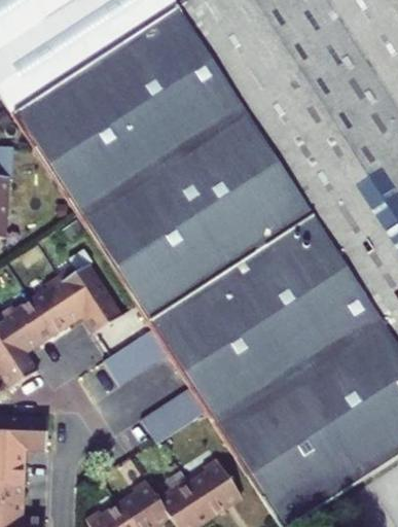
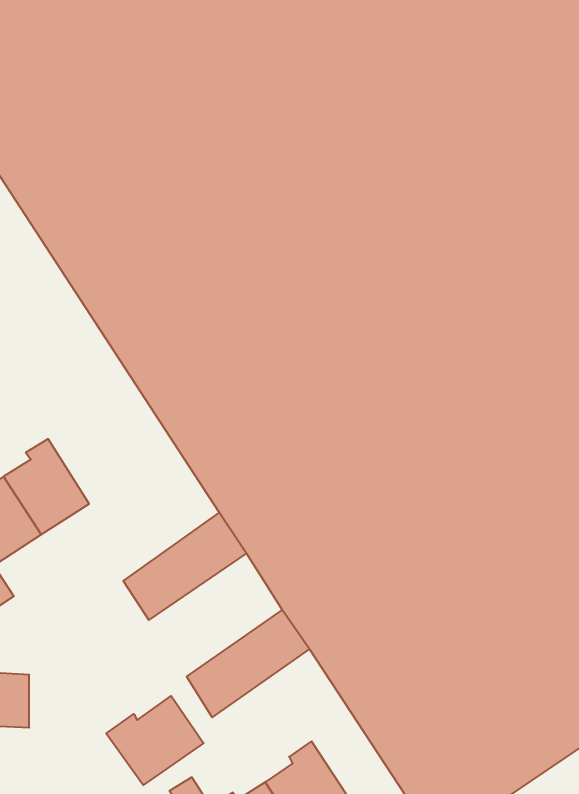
building: [51,270,114,339] -> none
building: none -> [106,696,204,785]

